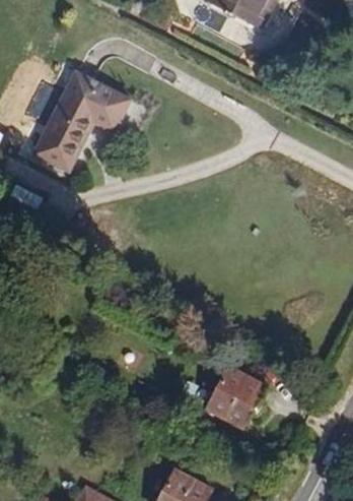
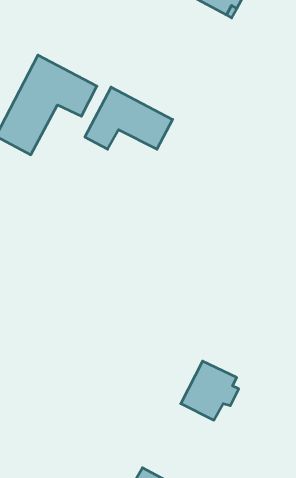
building: none -> [85,87,173,149]

